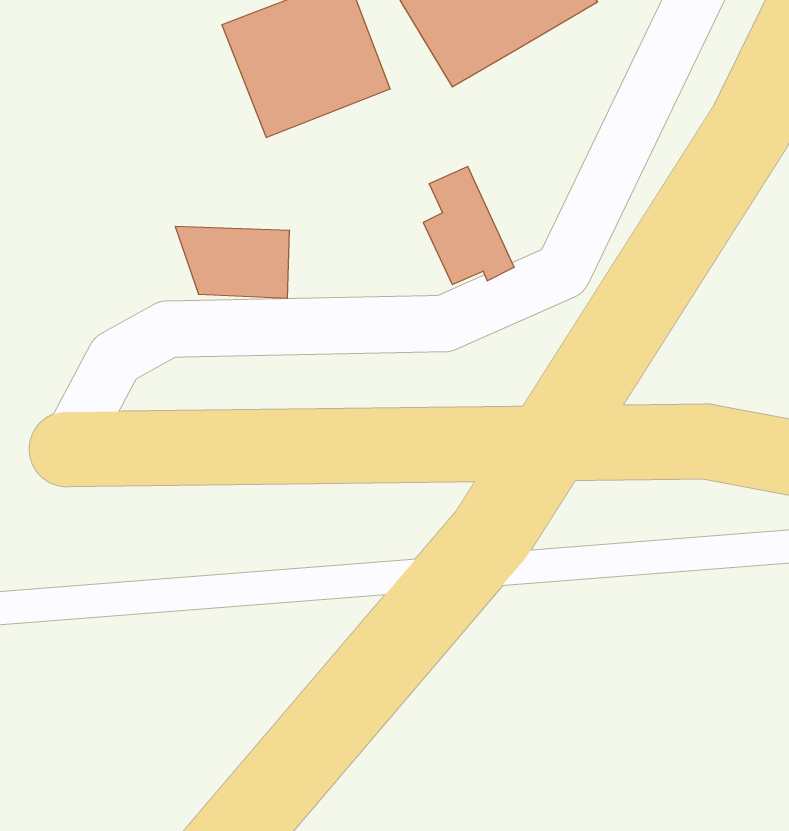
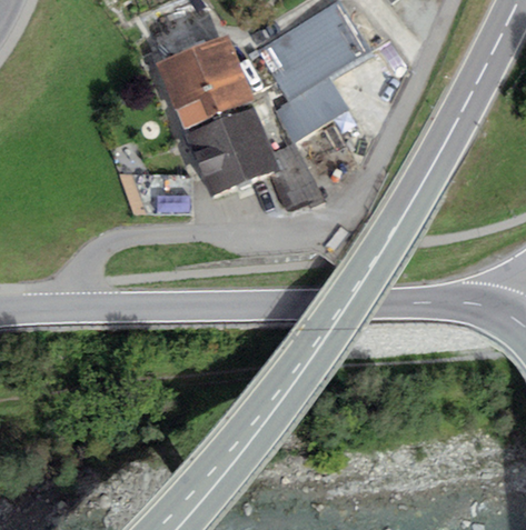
building: none -> [271,74,349,143]
building: none -> [186,108,277,194]

